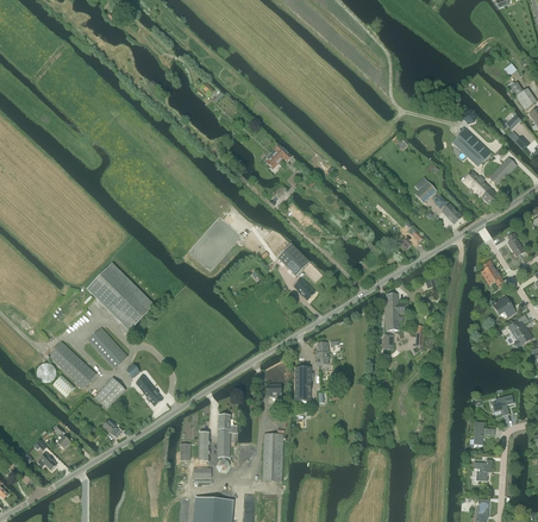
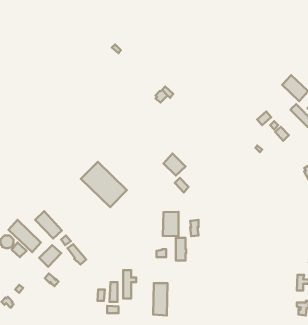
building: [87,263,155,329] -> [81,162,127,207]
building: [384,293,407,329] -> none
building: none -> [163,212,178,236]

